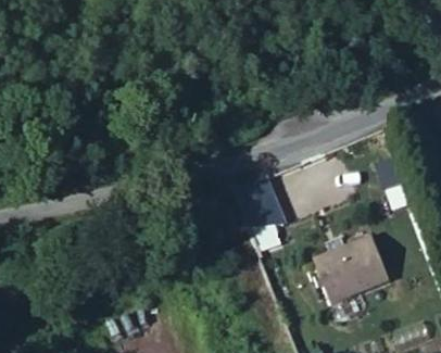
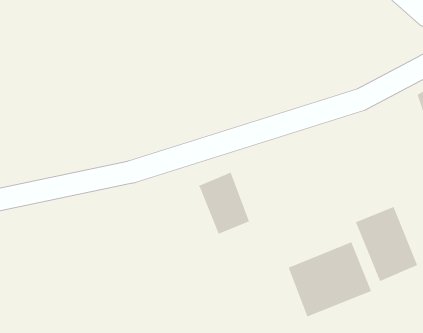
building: none -> [355,206,418,282]

